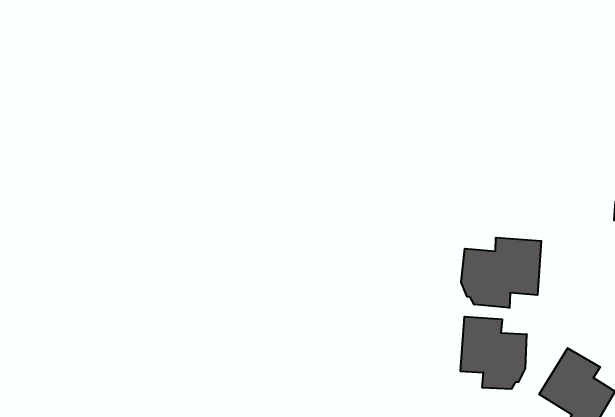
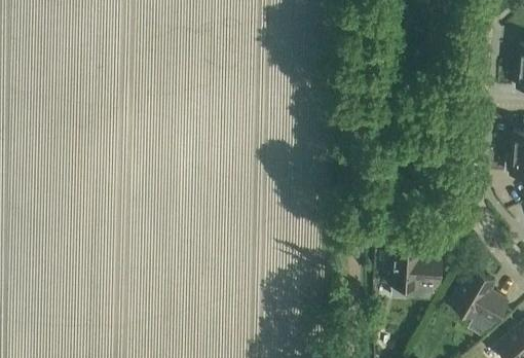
building: [461,238,541,308] -> none

